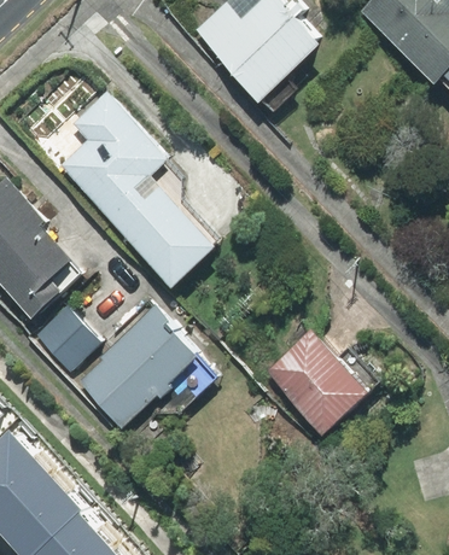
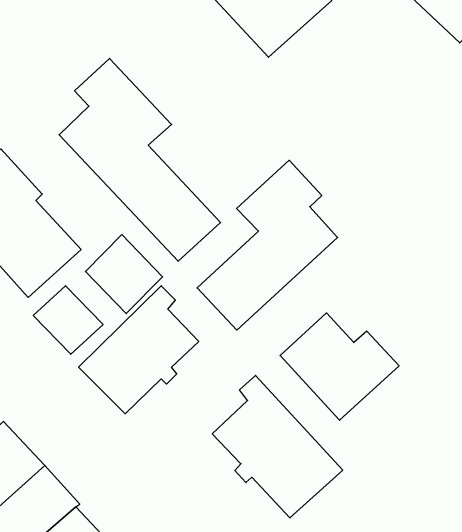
building: none -> [197,160,338,330]
building: none -> [85,235,163,314]
building: none -> [212,375,343,518]

